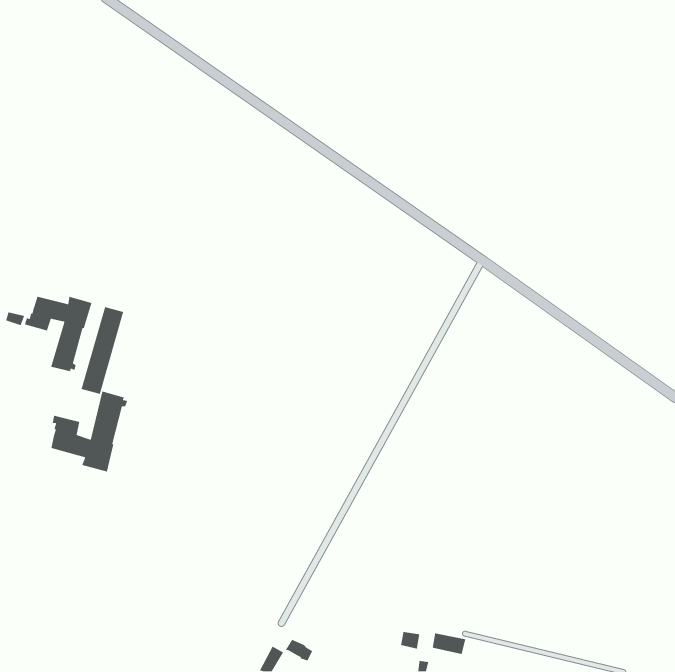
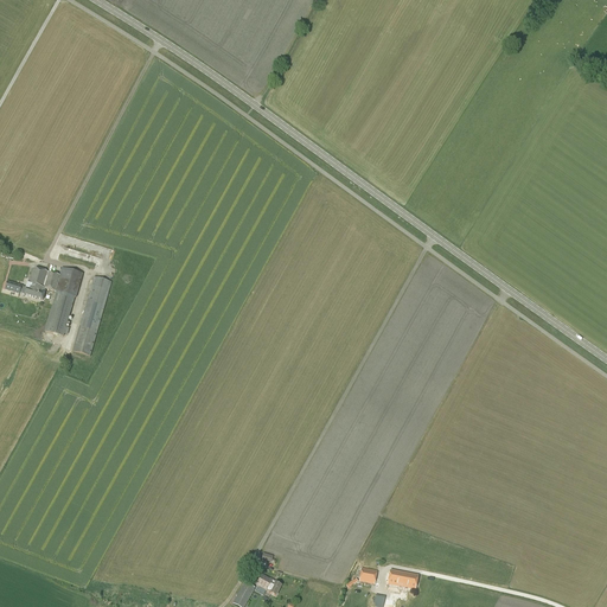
building: [51,391,128,472] -> none

